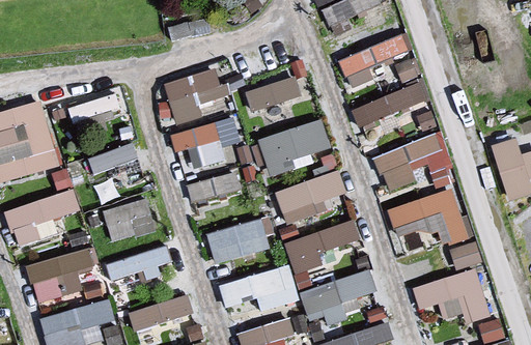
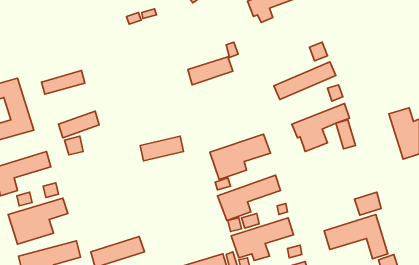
building: [338,33,409,88] -> none
building: [164,69,231,127] -> none
building: [169,118,240,166] -> none
building: [256,118,331,177] -> none
building: [388,188,469,243] -> none
building: [102,199,150,240] -> none
building: [206,219,269,262] -> none
building: [105,246,171,280] -> none
building: [220,265,299,314] -> none

